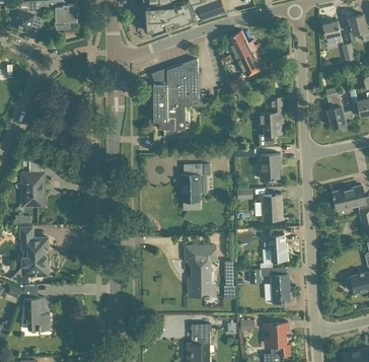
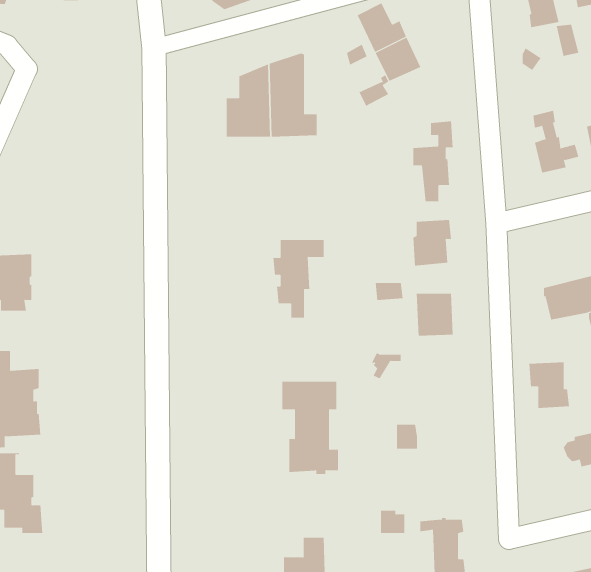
building: [153,106,189,129] -> none
building: [264,234,287,261] -> [529,362,570,408]
building: [270,274,289,305] -> none

